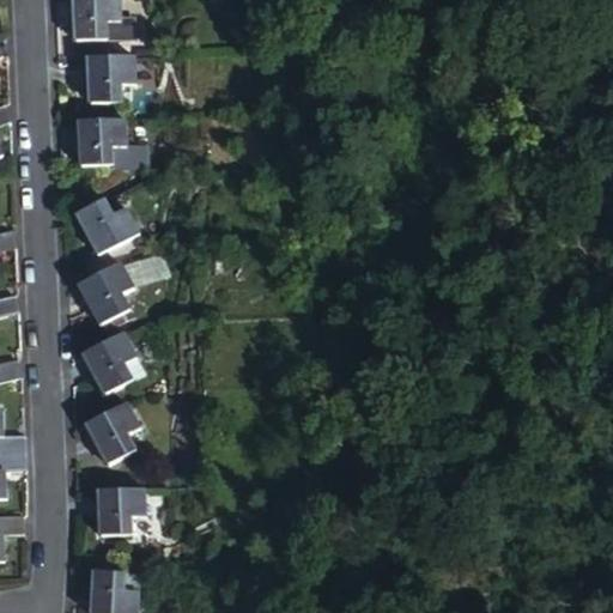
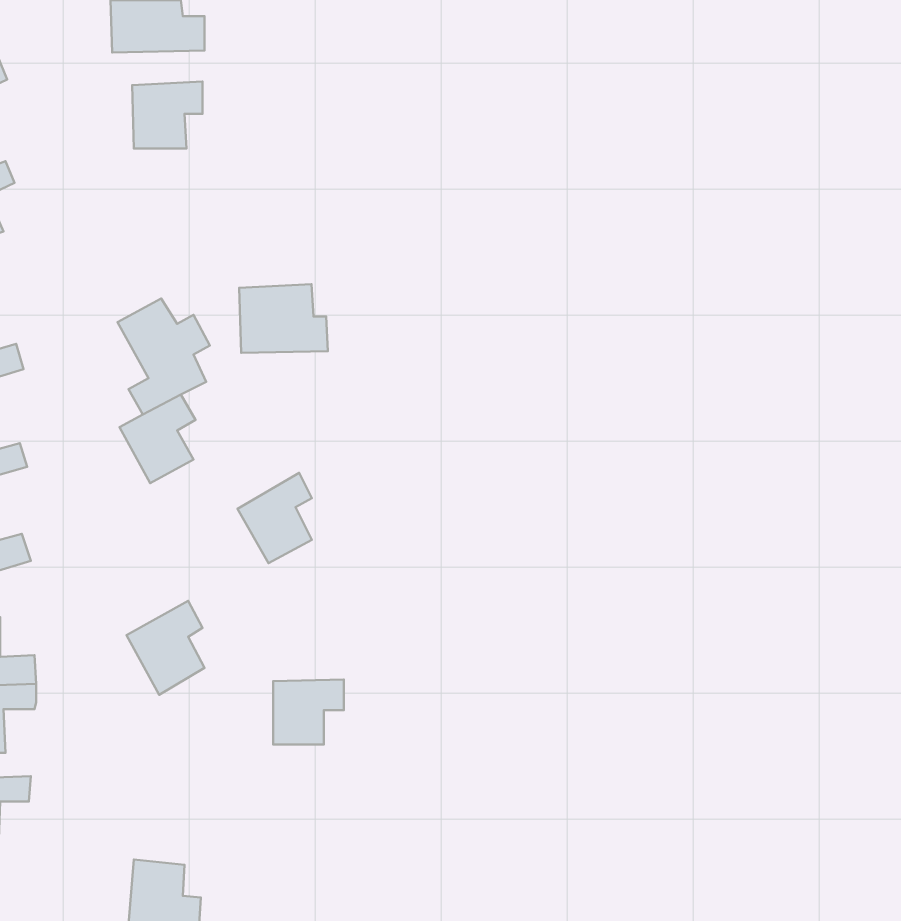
building: [77,119,135,164] -> [239,284,328,353]
building: [83,329,132,389] -> [238,473,312,563]
building: [95,487,141,530] -> [273,679,344,744]

